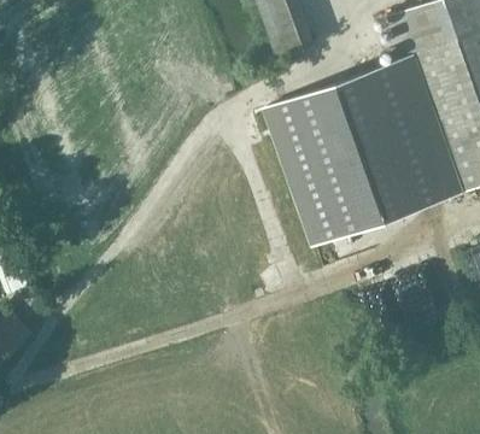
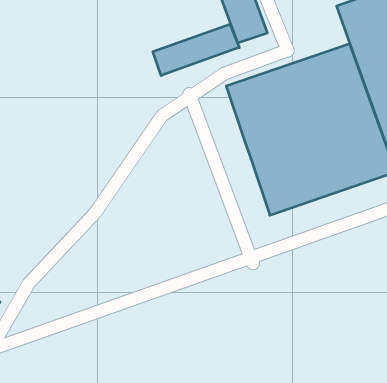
building: none -> [153,24,239,76]

